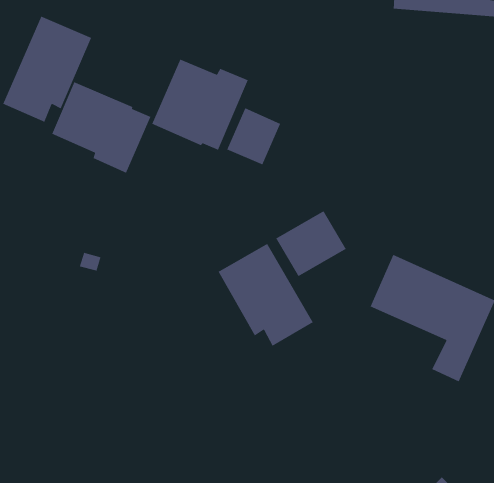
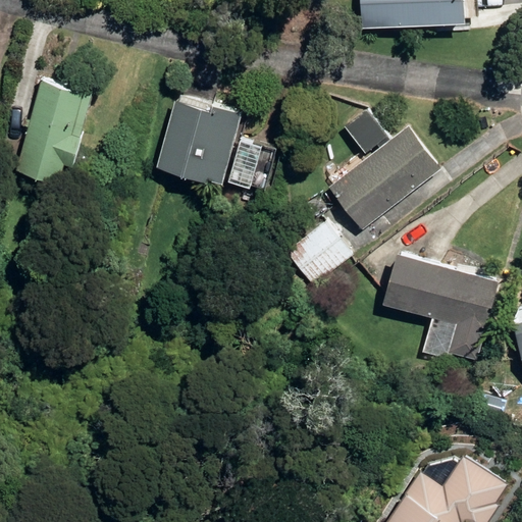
building: [51,81,151,174] -> none
building: none -> [327,126,440,231]
building: [218,243,314,347] -> none

